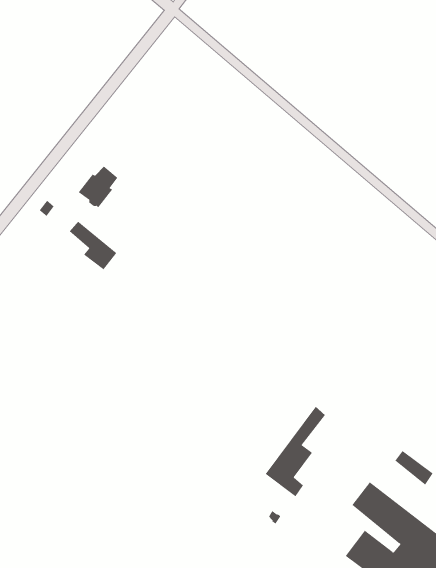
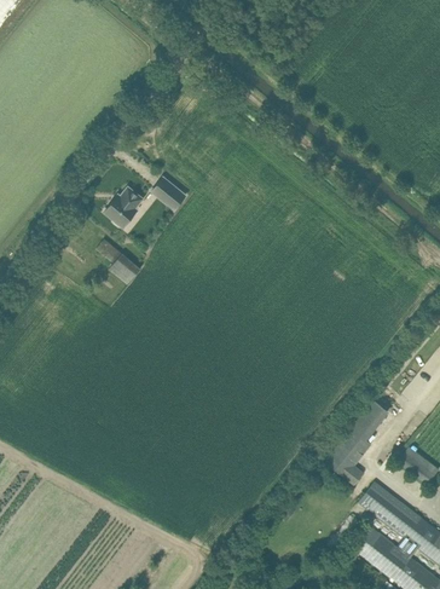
building: none -> [151,177,185,208]
building: [265,406,326,497] -> [325,399,382,484]

